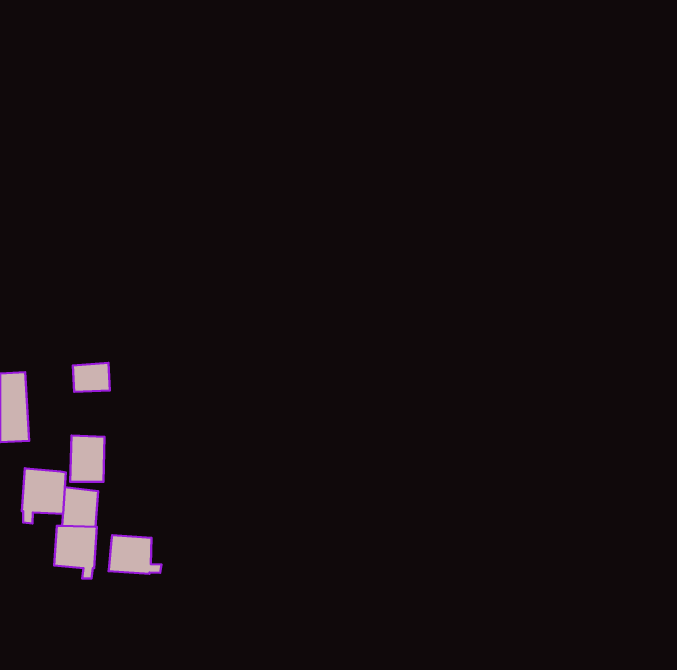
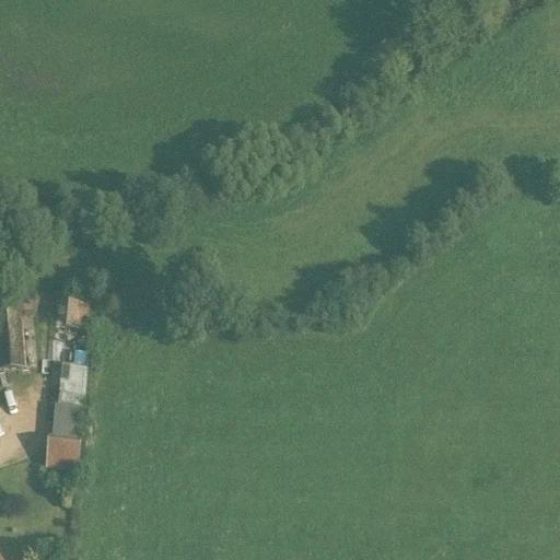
building: [22,468,66,524] -> none
building: [109,535,161,574] -> none

